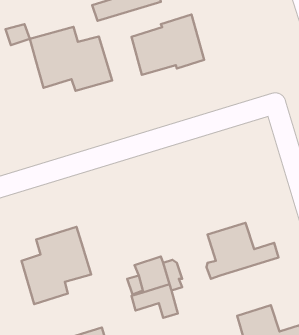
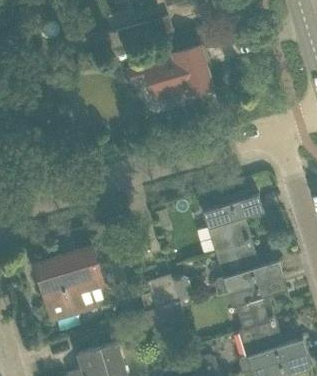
building: [30,27,112,91] -> none
building: none -> [202,196,263,254]
building: none -> [227,276,287,331]

